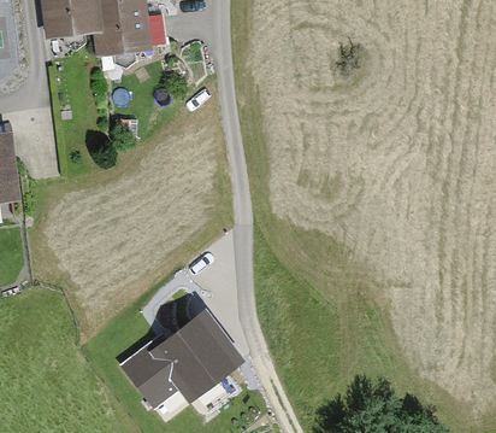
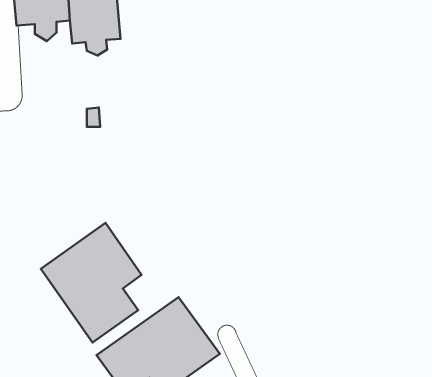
building: none -> [41,223,142,343]

